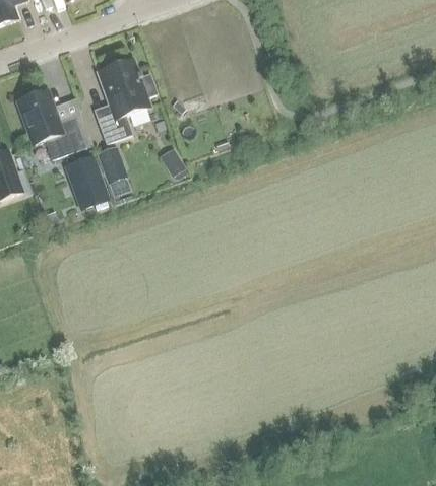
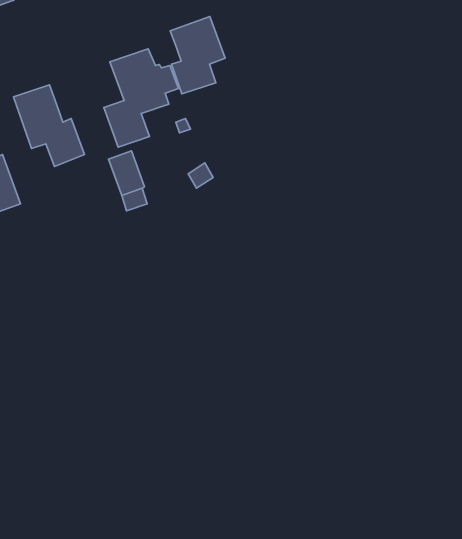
building: none -> [170,16,225,94]
building: [66,156,109,208] -> none

